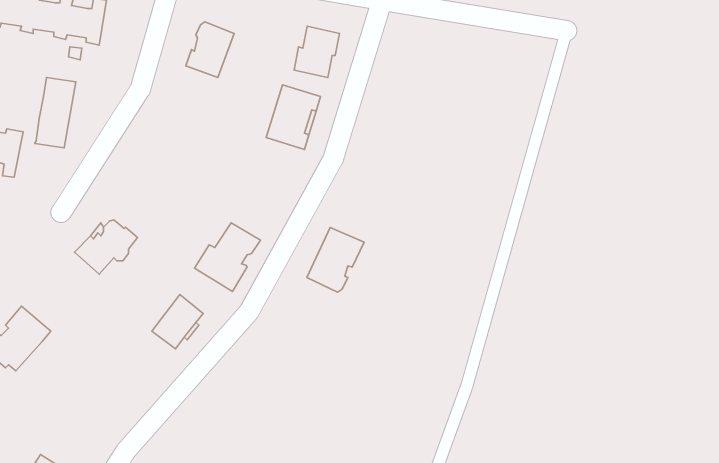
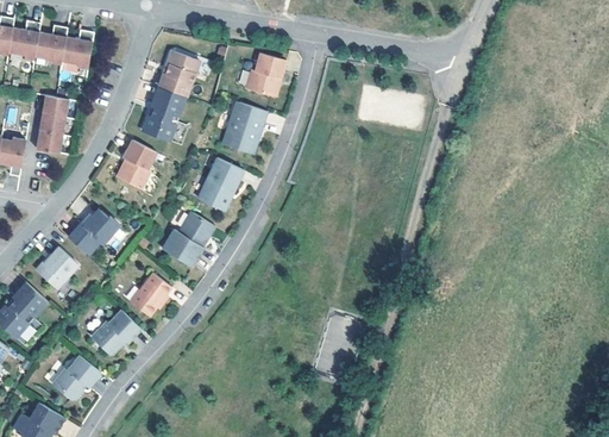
building: none -> [142,86,183,137]
building: none -> [115,139,155,188]
building: [307,228,364,292] -> [197,157,244,210]
building: none -> [36,246,76,289]
building: none -> [92,310,140,354]
building: none -> [52,355,100,399]

